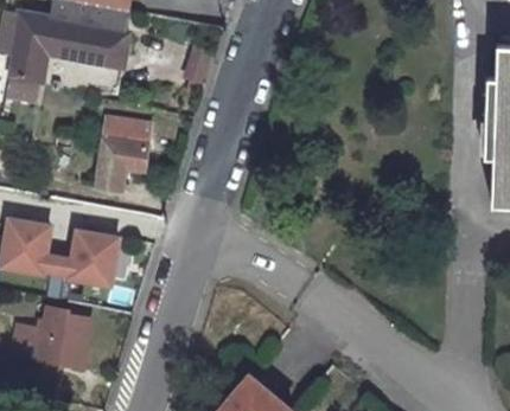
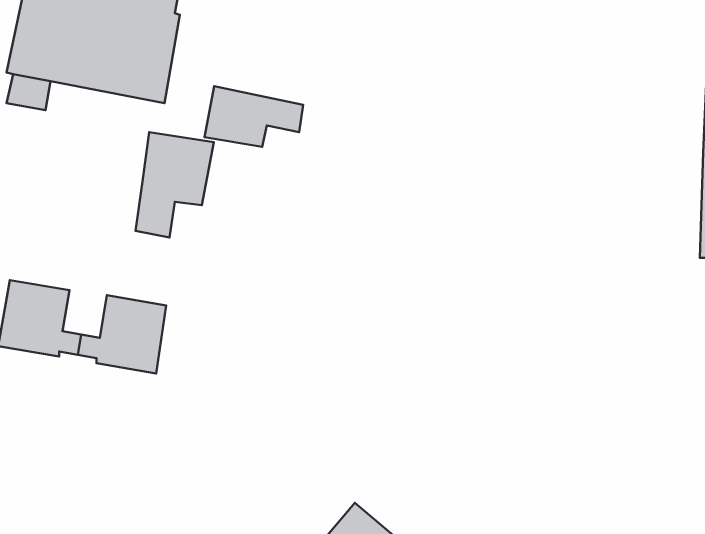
building: none -> [205,86,303,147]
building: [9,307,91,365] -> none

